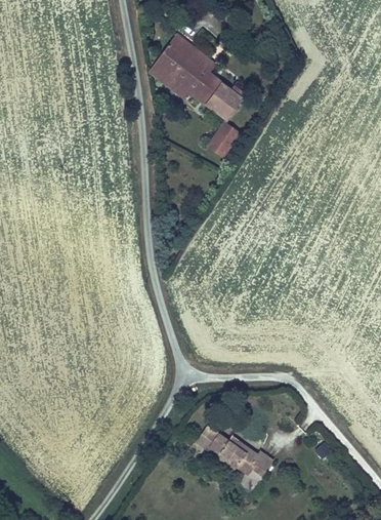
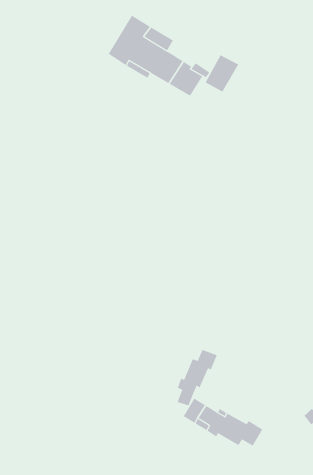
building: [205,121,241,159] -> [205,55,239,92]
building: none -> [177,349,217,406]

